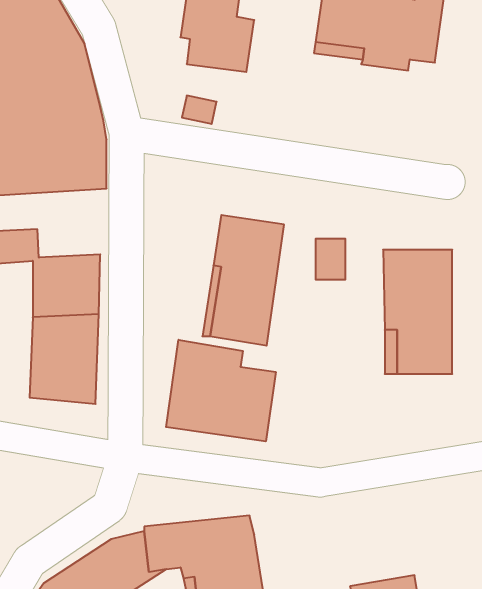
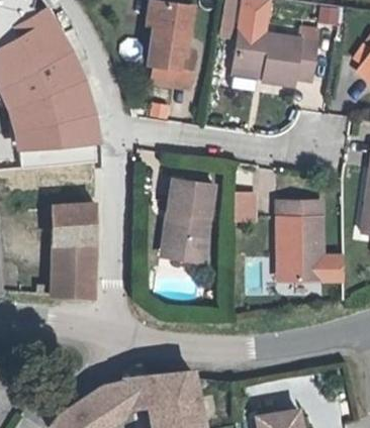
building: [166,340,276,441] -> none

